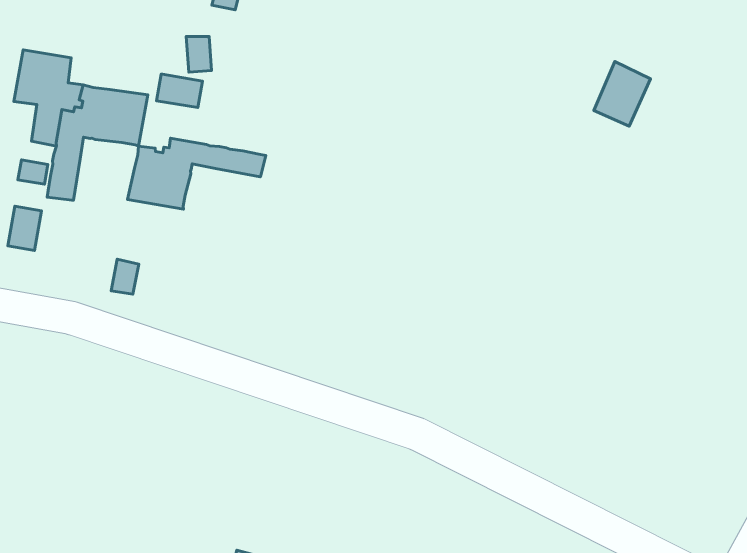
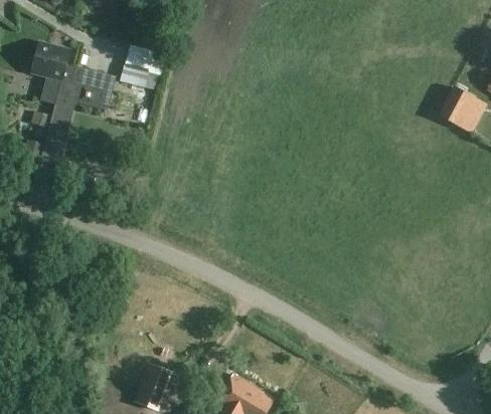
building: [594,62,650,126] -> [439,86,475,127]
building: [127,138,266,209] -> none

